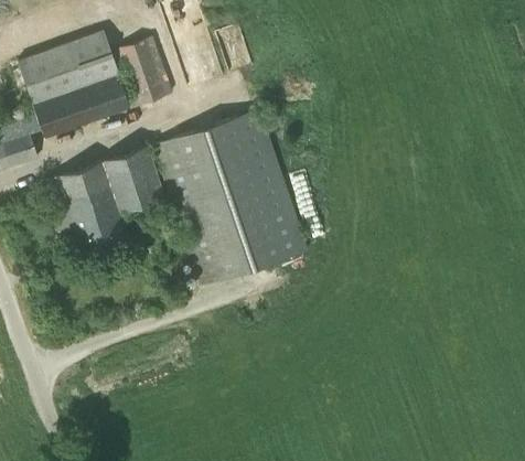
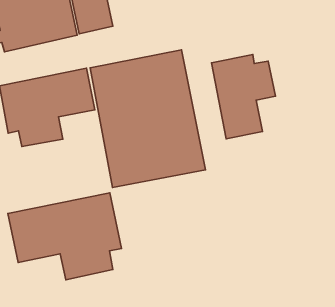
building: none -> [212,55,276,139]
building: none -> [8,193,121,280]

